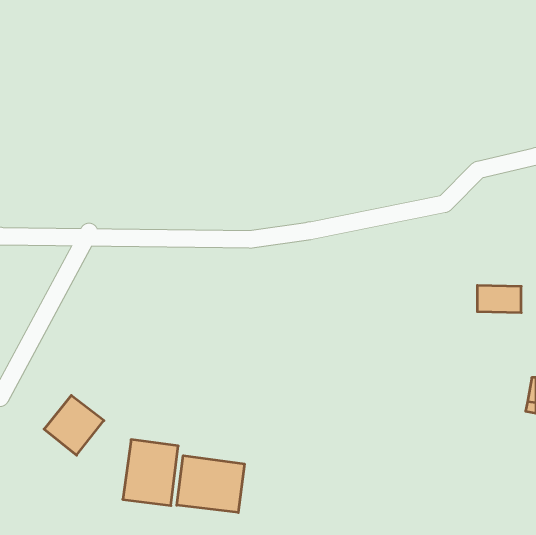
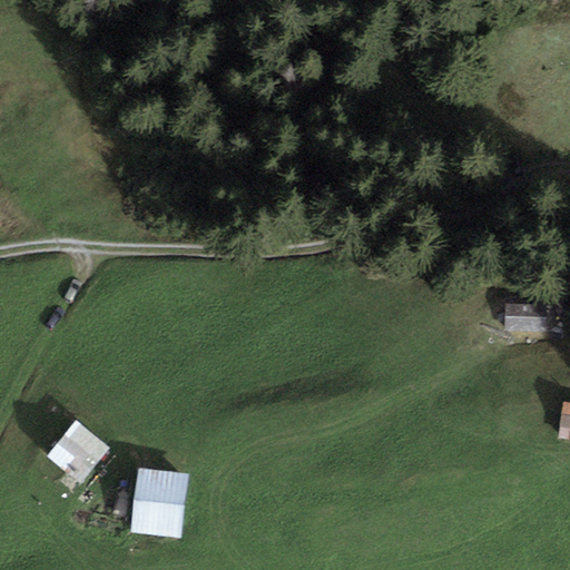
building: [177,456,244,513] -> none

